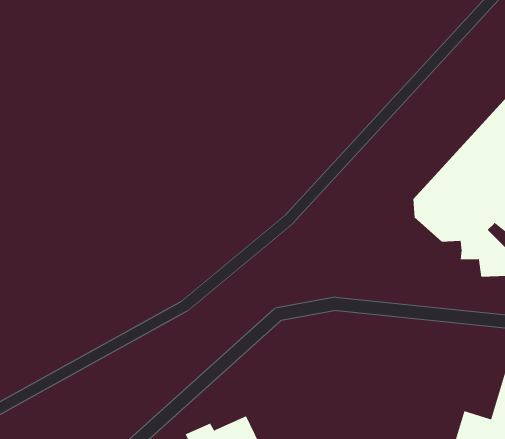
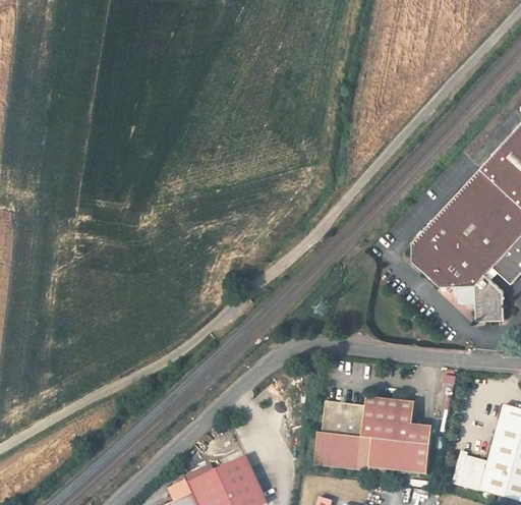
building: none -> [314,400,432,476]

